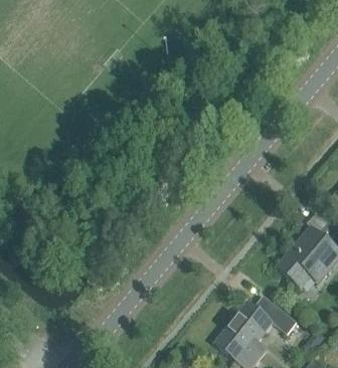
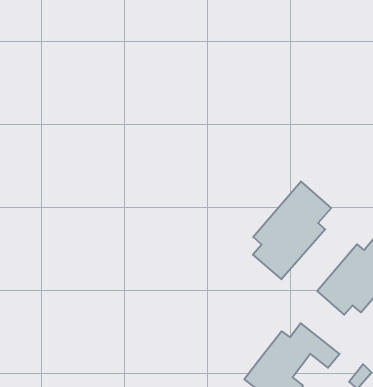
building: none -> [253,181,331,279]

